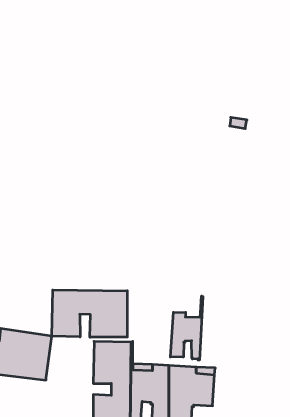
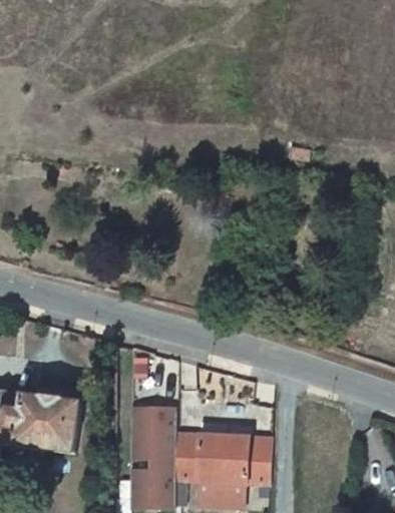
building: [52,290,127,337] -> none
building: [170,296,203,360] -> none

